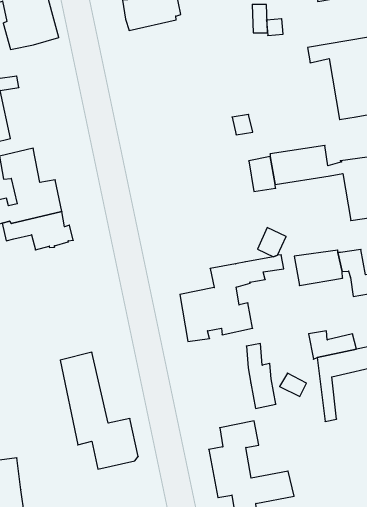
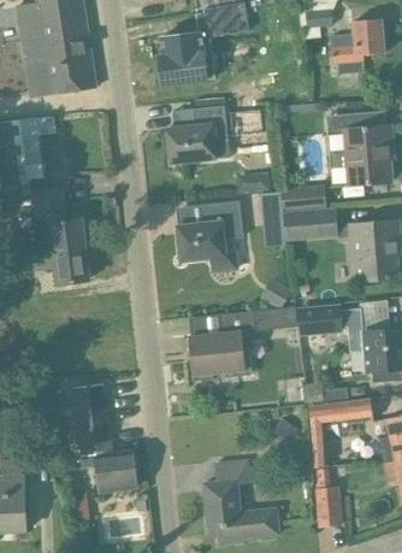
building: none -> [167,106,229,164]
building: none -> [280,188,326,210]
building: none -> [177,201,243,271]
building: [246,344,276,408] -> [317,467,339,528]

